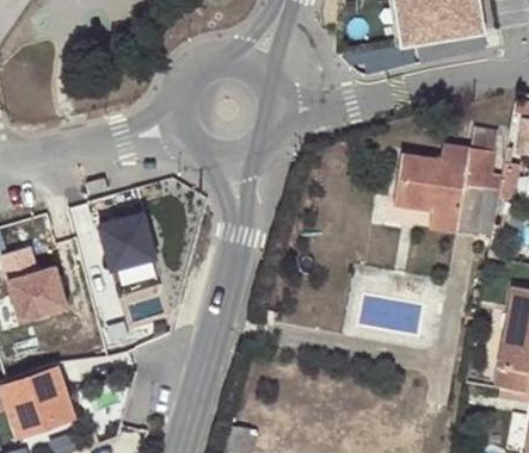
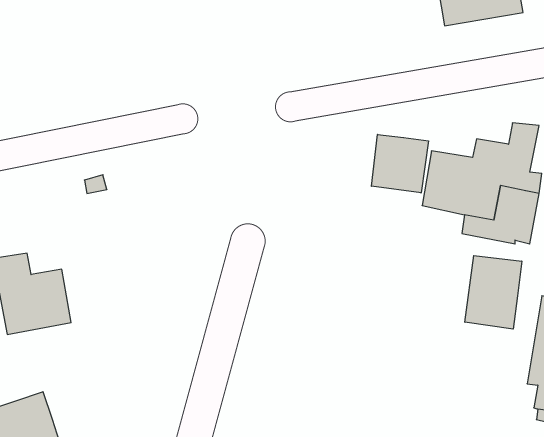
building: none -> [371,134,428,193]
building: [105,211,164,267] -> none
building: none -> [465,256,522,329]

